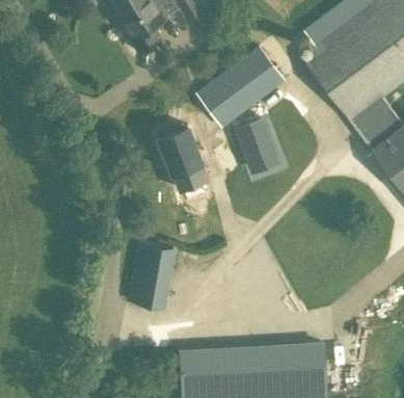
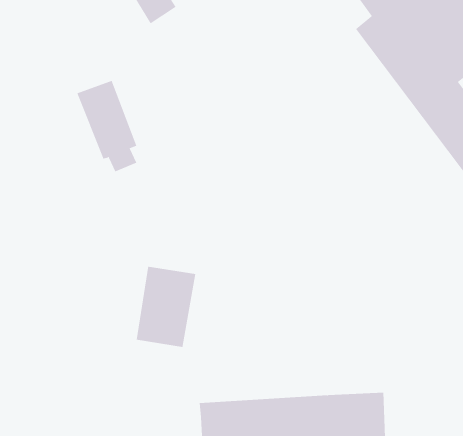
building: [197,45,286,128] -> none
building: [238,118,279,169] -> none
building: [159,126,207,198] -> [77,80,137,172]

